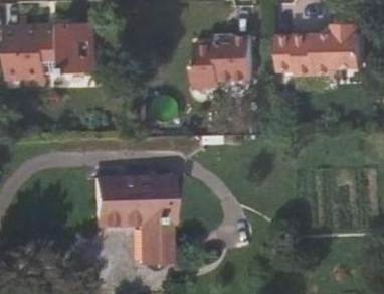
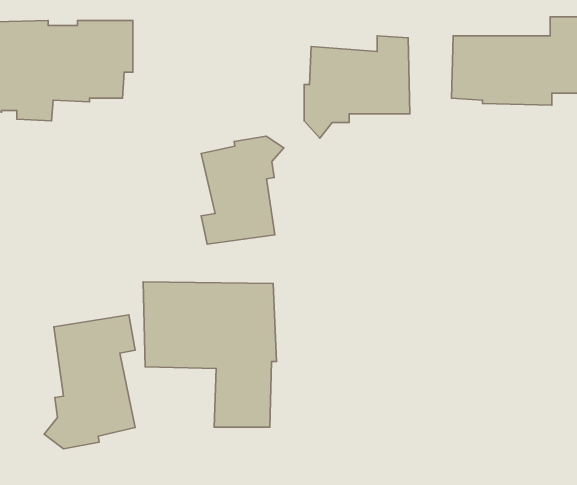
building: none -> [201,136,284,244]
building: none -> [44,315,135,449]

